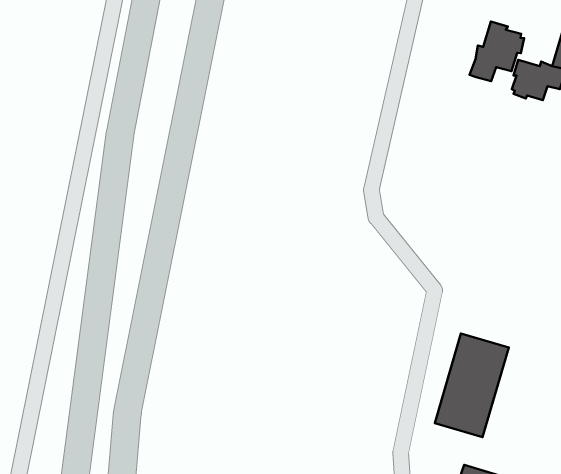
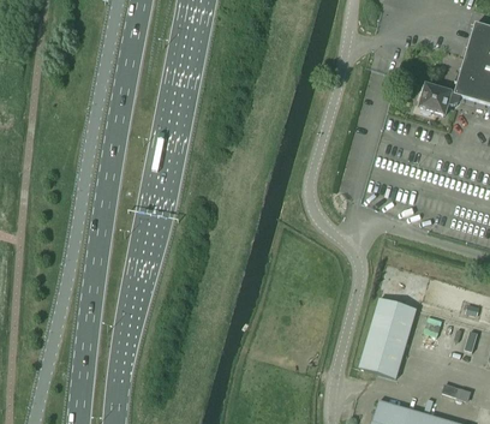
building: [470,22,524,81] -> none

